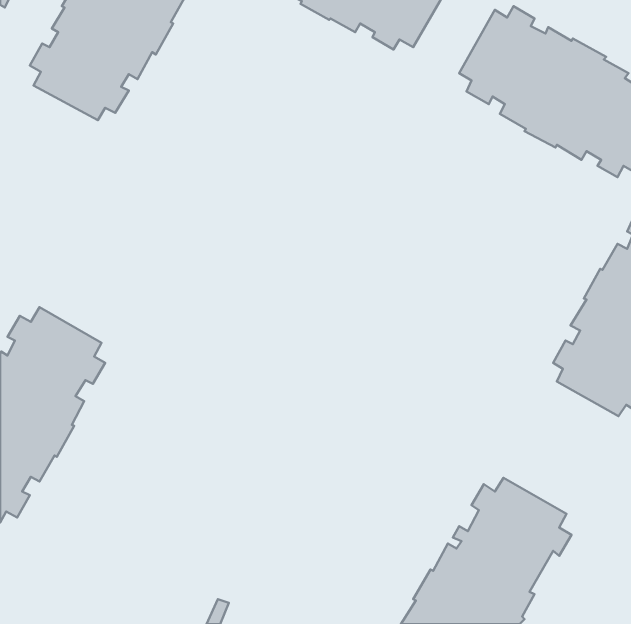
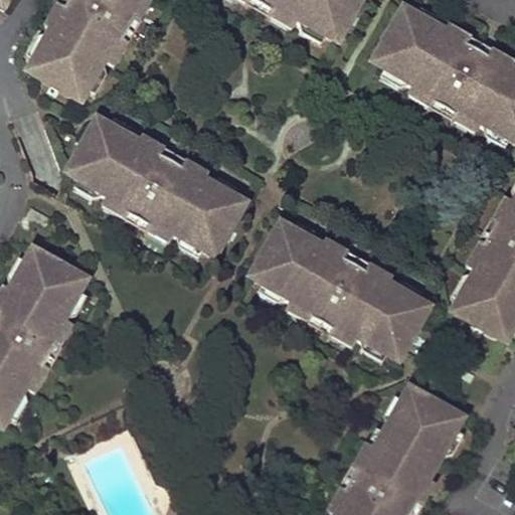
building: none -> [67,117,243,256]
building: none -> [251,220,426,360]

